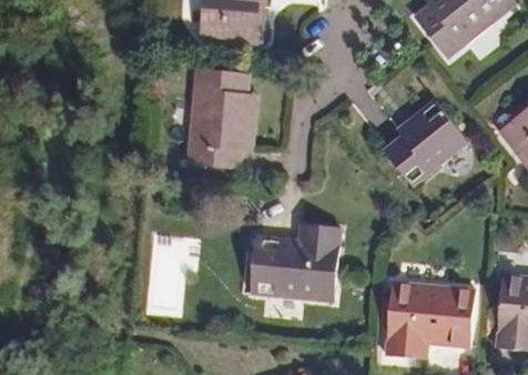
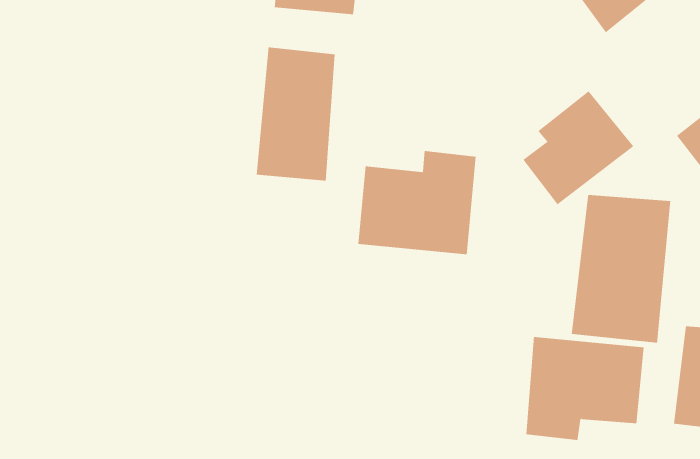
building: none -> [571,194,671,343]
building: [251,224,338,301] -> [357,151,476,255]

